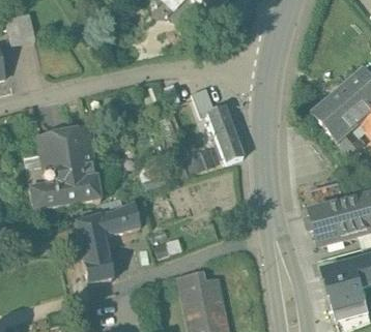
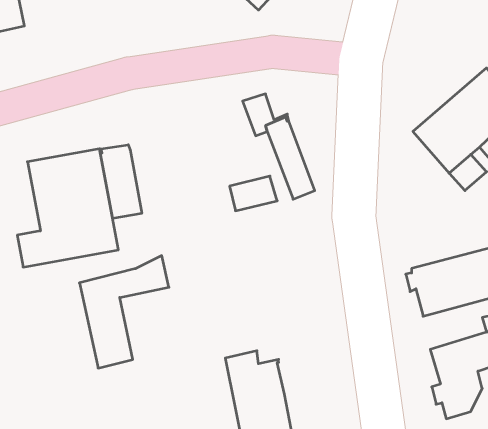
building: none -> [101,145,142,218]

